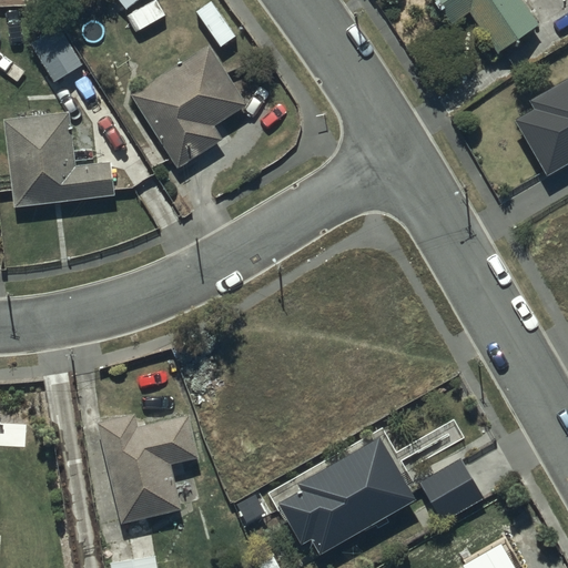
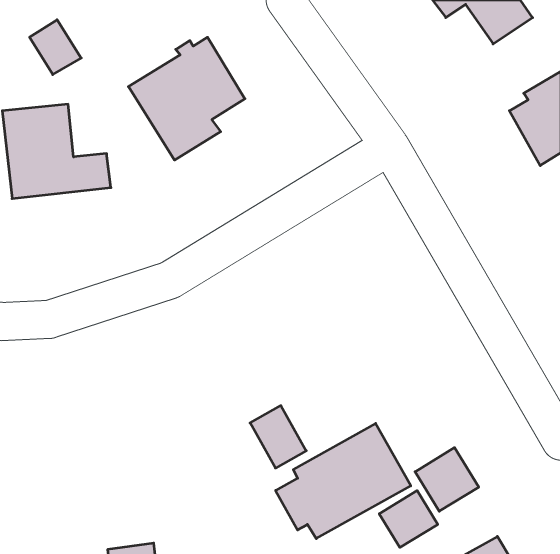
building: [98,415,199,523] -> none
building: none -> [250,406,306,468]
building: none -> [379,491,438,547]

